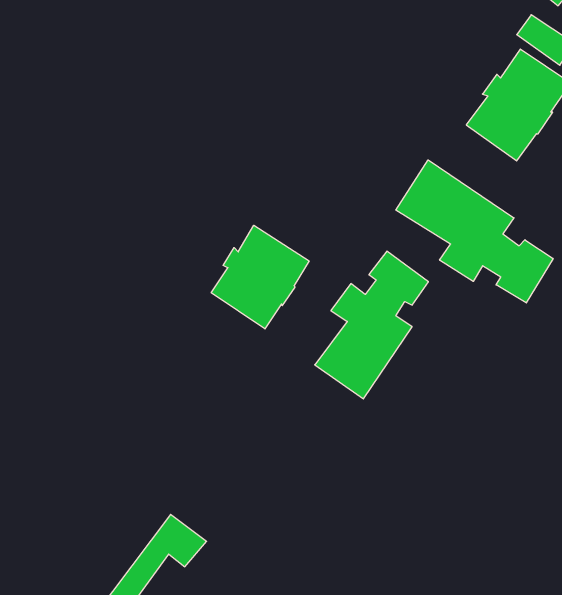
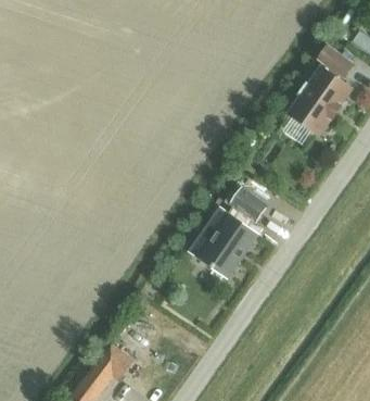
building: [396,160,553,303] -> none
building: [211,225,309,329] -> none

